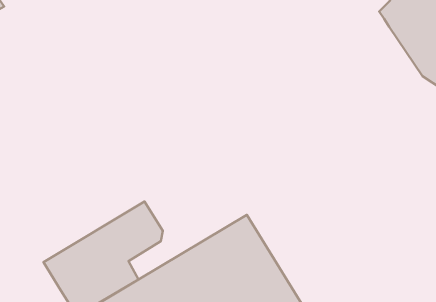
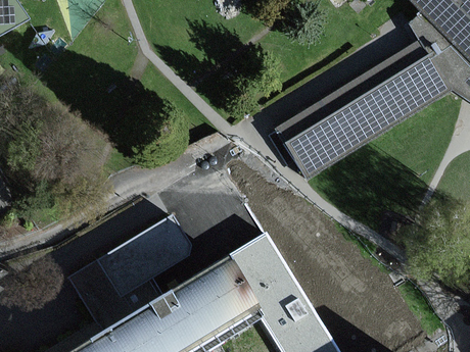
building: none -> [278,41,453,178]

